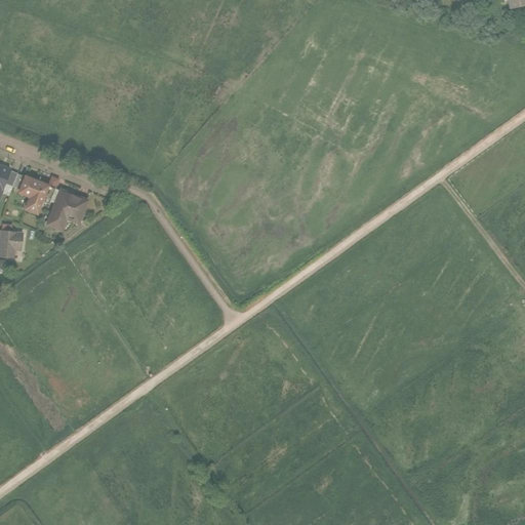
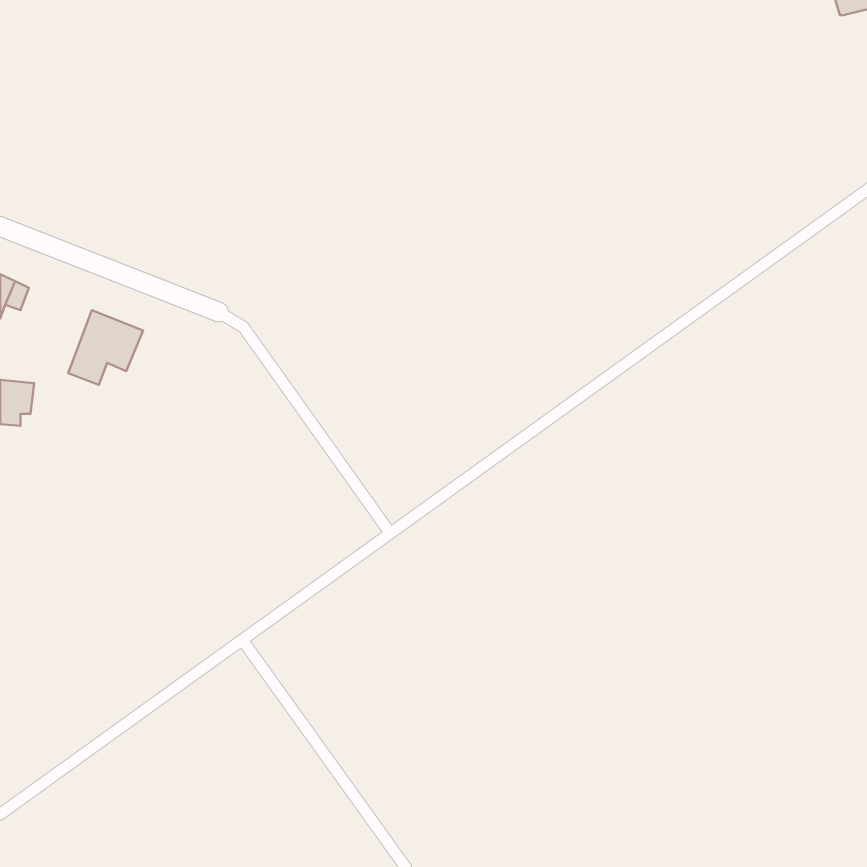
building: [14,173,47,214] -> none

